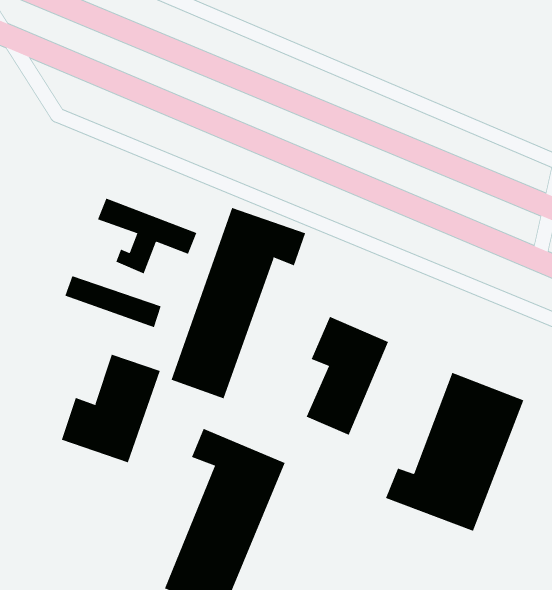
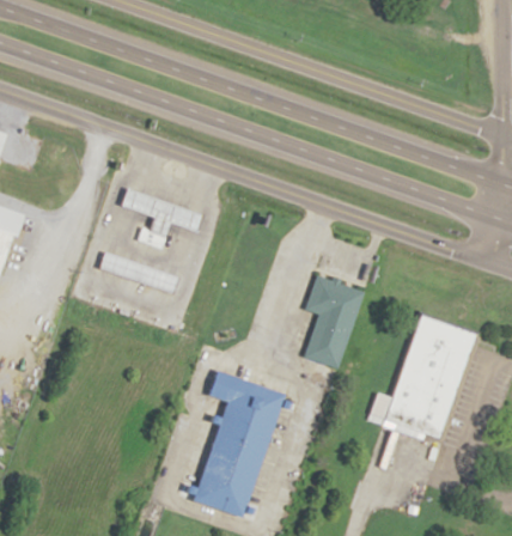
building: [171,207,306,399] -> none
building: [61,354,161,463] -> none

